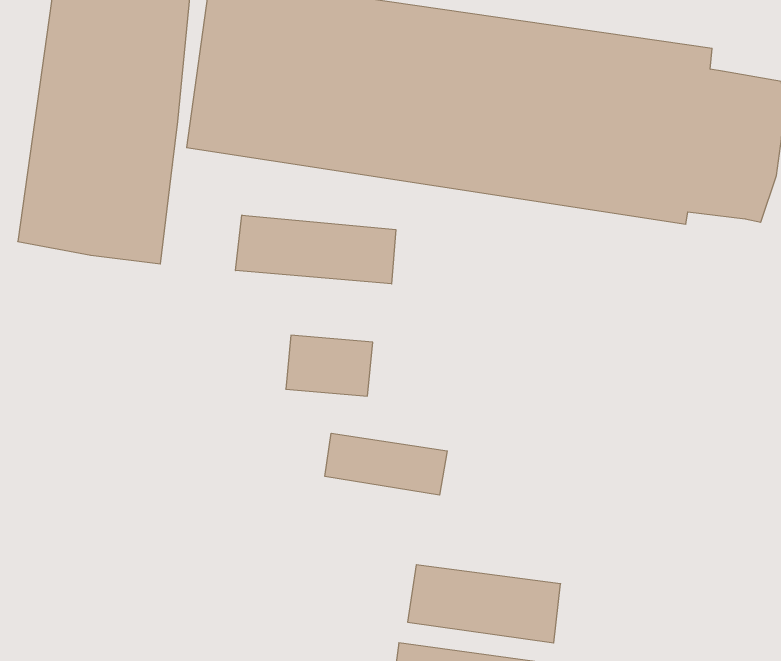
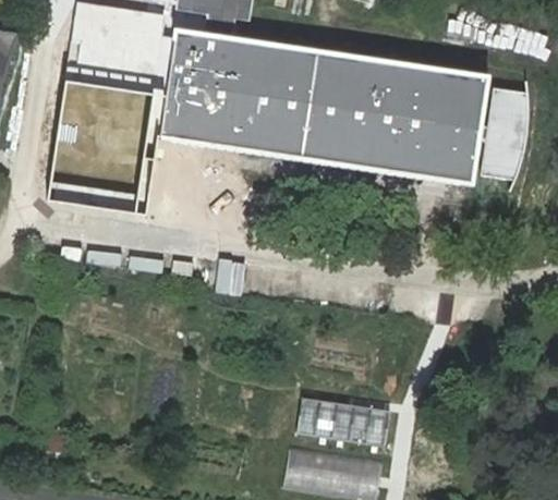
building: [236,215,396,284] -> none
building: [325,433,447,495] -> none

